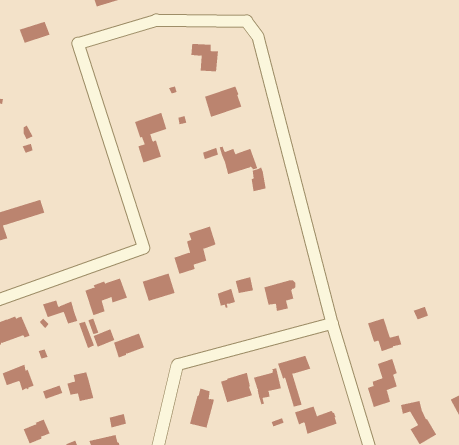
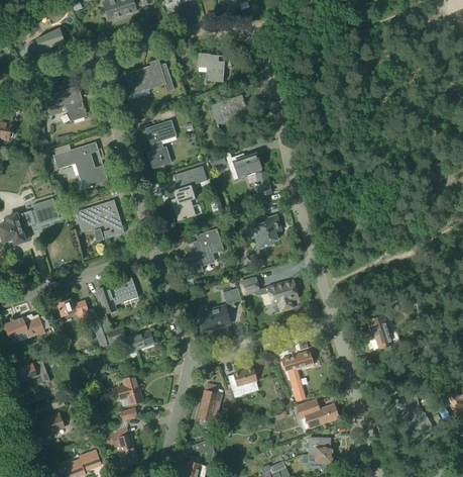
building: none -> [124,60,173,93]
building: none -> [45,86,87,120]
building: none -> [52,140,108,188]
building: none -> [170,165,207,220]
building: none -> [75,199,124,237]
building: none -> [248,213,278,248]
building: [142,273,176,302] -> [198,303,230,330]
building: [367,358,398,408] -> none
building: [253,368,282,405] -> none
building: [67,372,94,401] -> [117,375,143,403]

